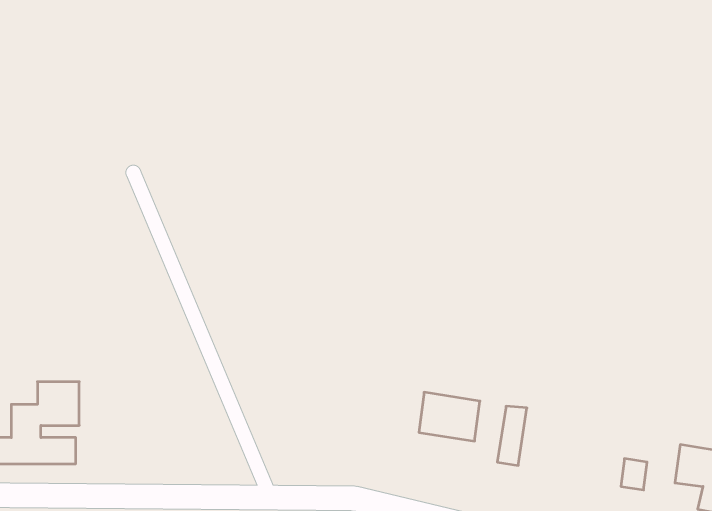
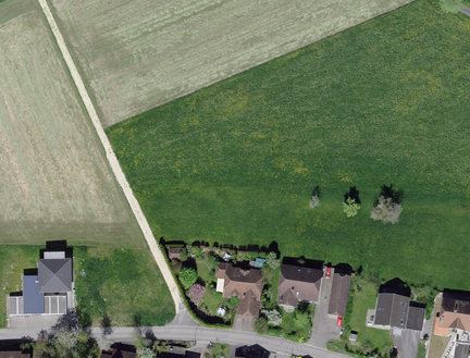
building: none -> [226,269,260,312]
building: none -> [378,295,407,325]

